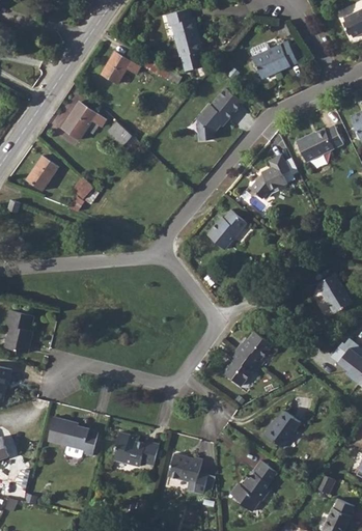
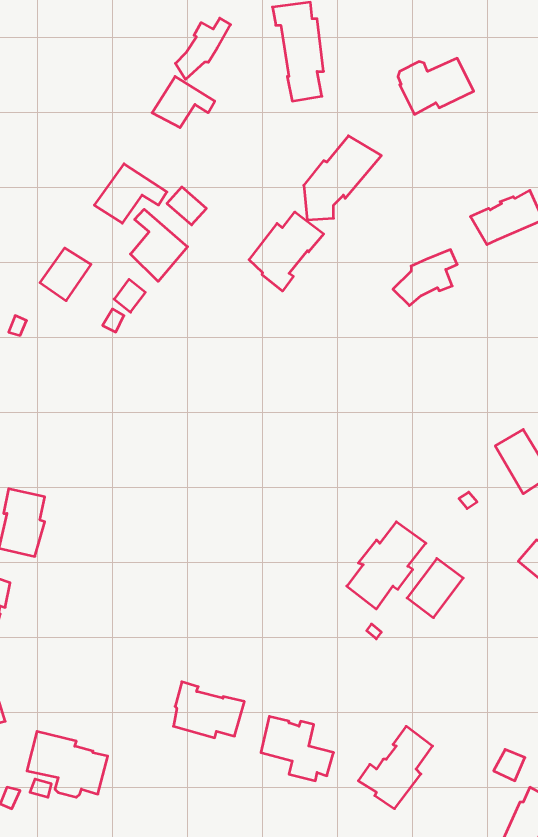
building: none -> [175,18,231,79]
building: none -> [130,209,188,281]
building: none -> [249,212,324,291]
building: [206,209,246,249] -> none
building: [264,410,300,447] -> [407,558,463,618]
building: [47,416,98,457] -> [27,731,108,797]

